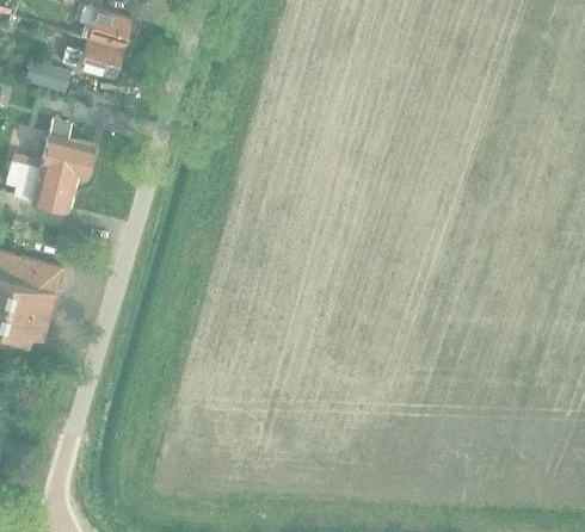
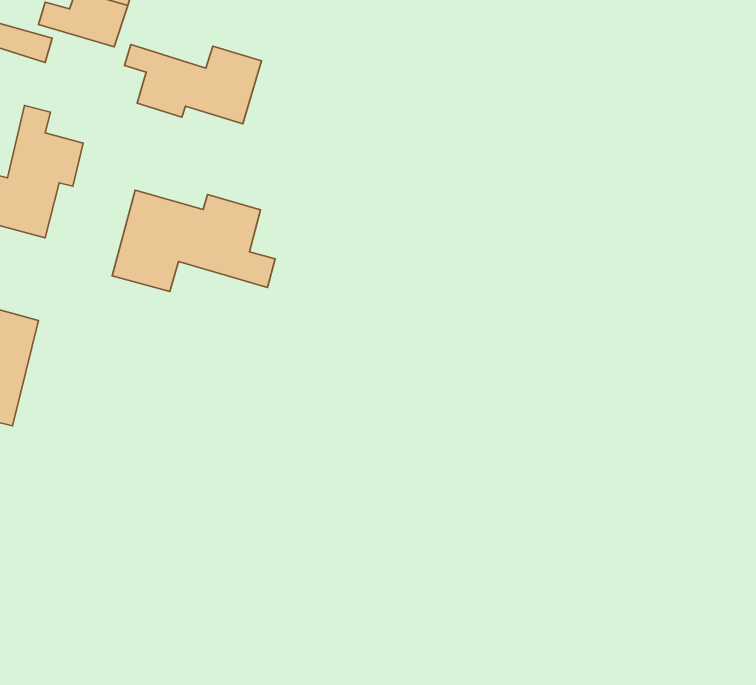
building: none -> [125,44,261,124]
building: none -> [112,190,275,292]

